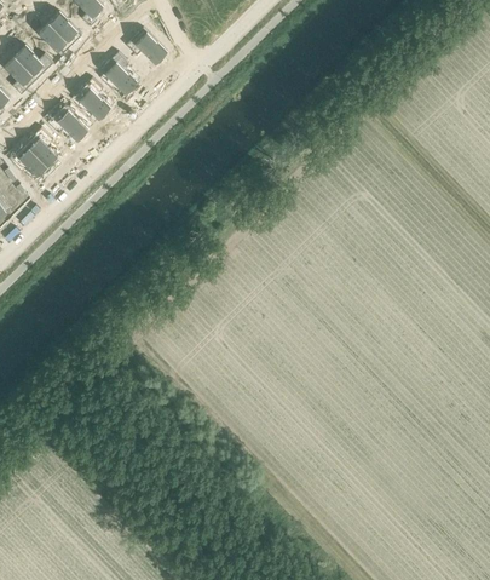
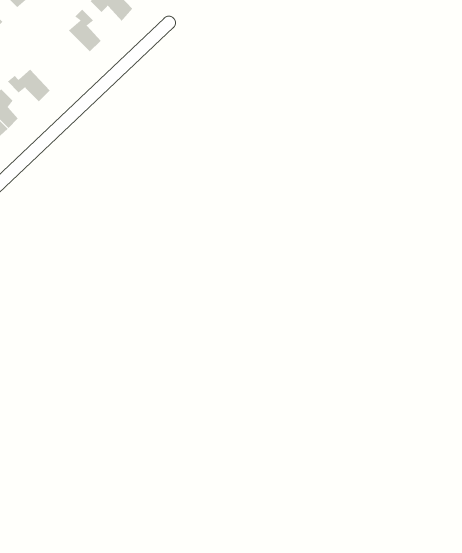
building: [79,79,111,120] -> none

